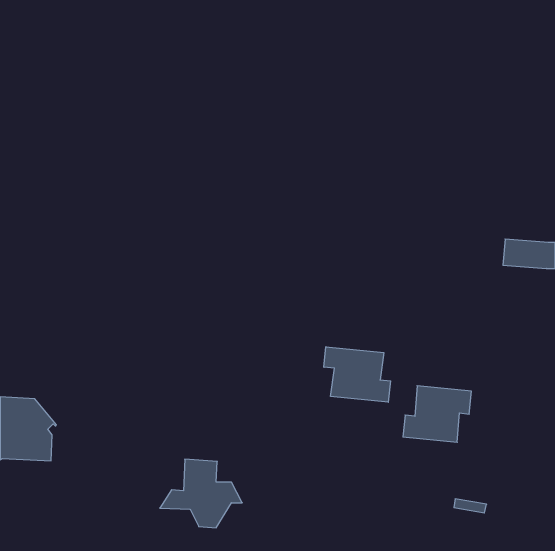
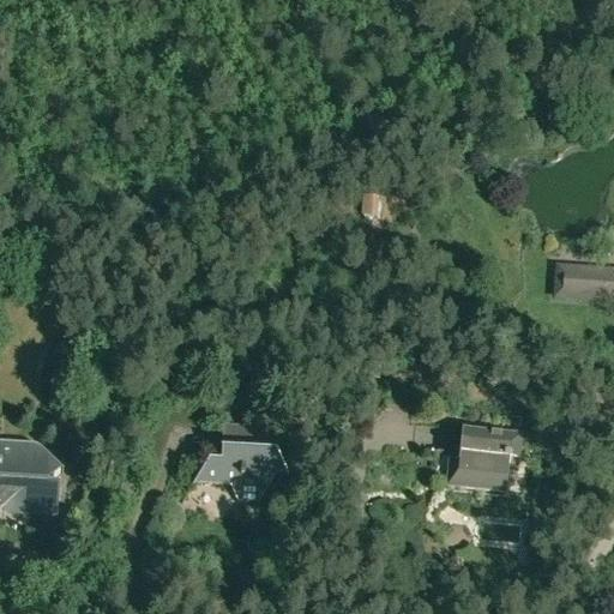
building: [324,347,391,402] -> none
building: [160,459,242,528] -> [195,422,287,498]

